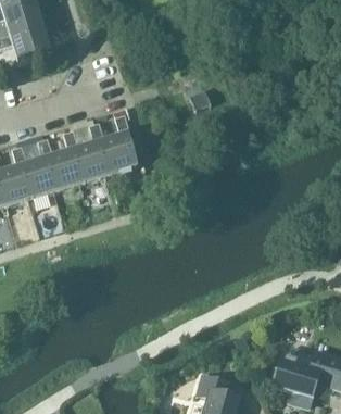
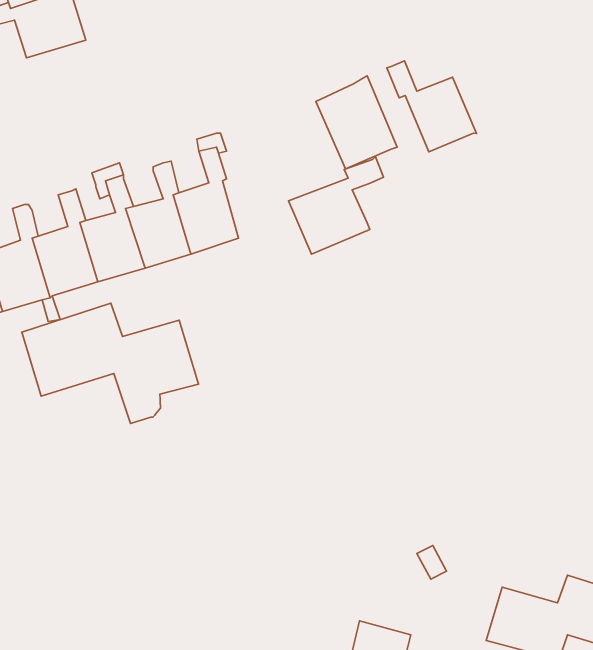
building: none -> [387,61,476,152]
building: none -> [289,157,383,254]
building: none -> [22,303,198,423]

